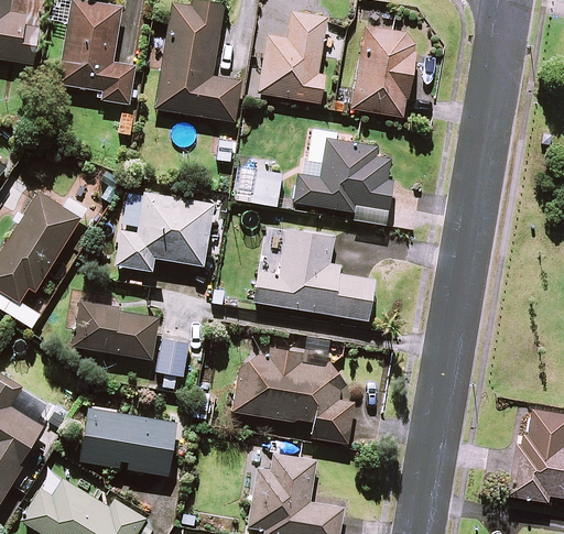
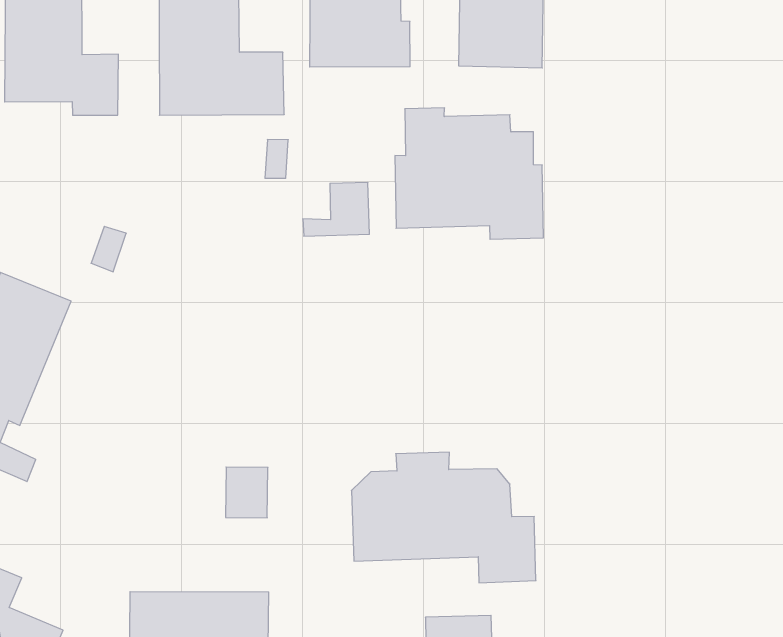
building: [116,193,214,271] -> none
building: [253,229,373,320] -> none
building: [73,303,159,359] -> none

